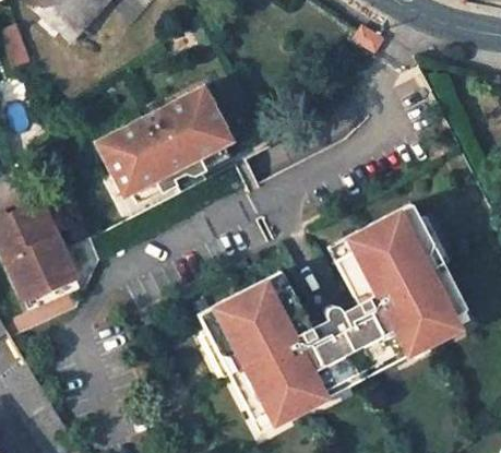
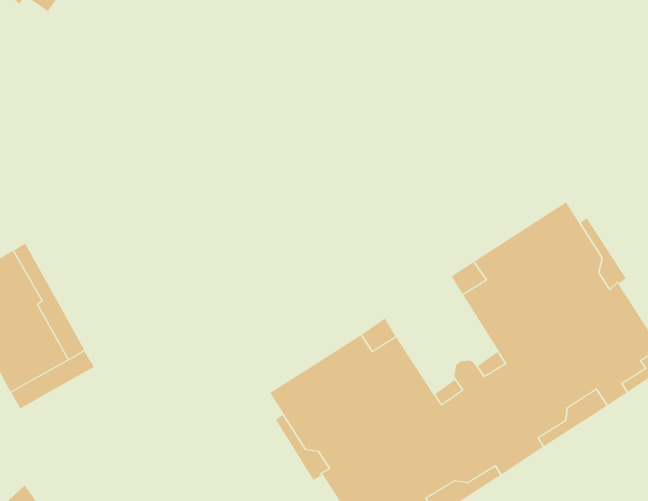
building: [94,86,239,219] -> none

